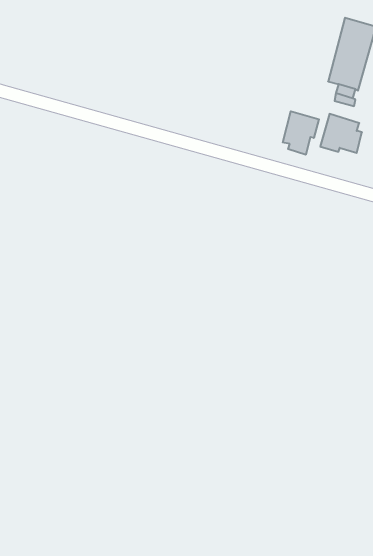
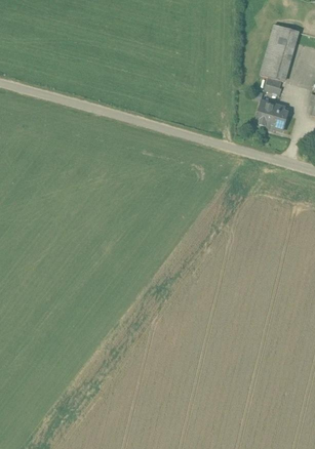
building: [283,111,319,155] -> none

